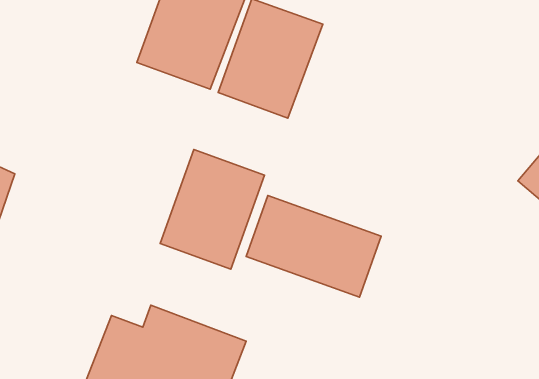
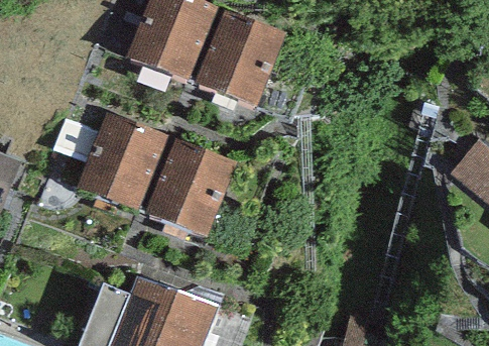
building: none -> [74,111,168,217]
building: [246,195,381,297] -> none

